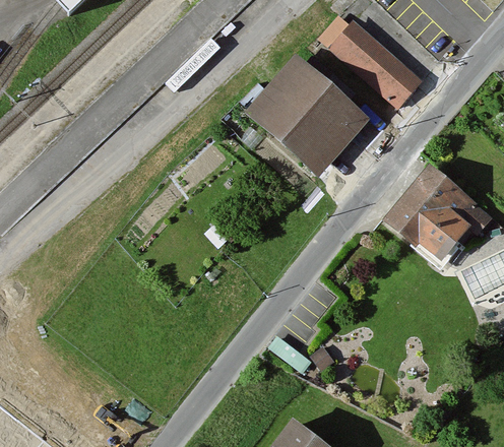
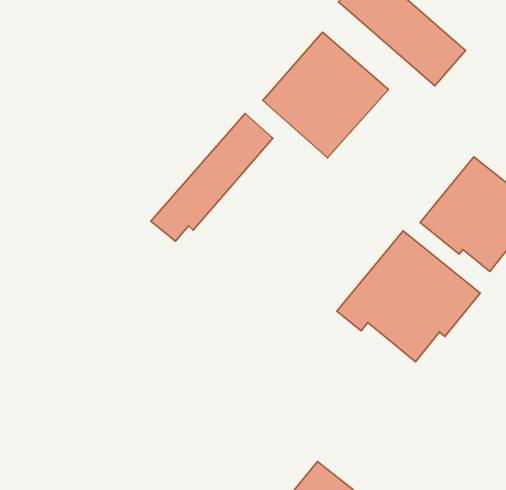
building: none -> [151,113,273,241]
building: none -> [337,231,480,362]

